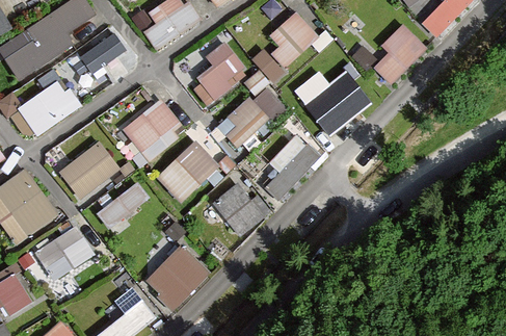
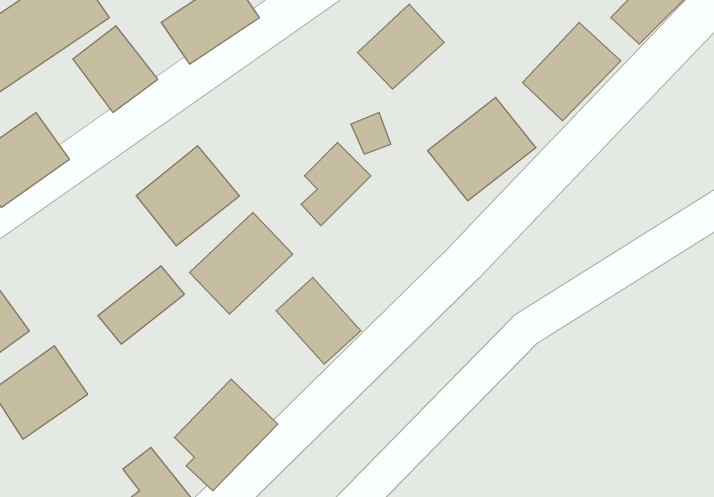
building: [190,42,246,97] -> none
building: [256,137,321,202] -> none
building: [59,141,122,201] -> none

